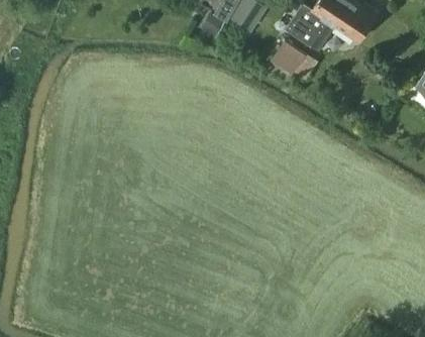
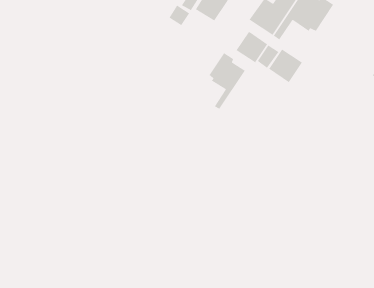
building: none -> [268,48,303,84]
building: none -> [208,52,246,110]

